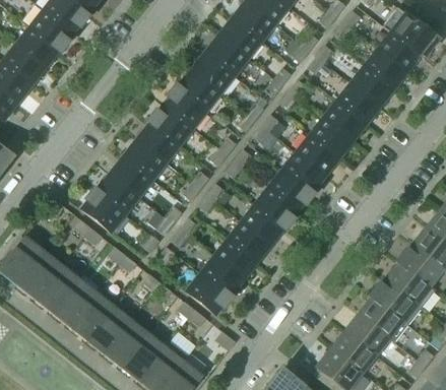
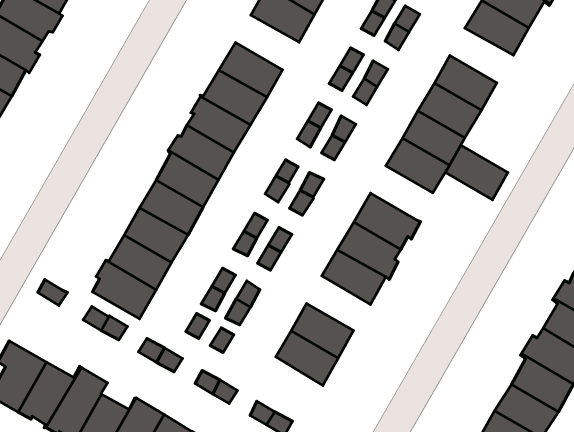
building: [204,37,248,77] -> none
building: [349,67,393,108] -> none
building: [281,153,324,194] -> [445,145,508,200]
building: [227,222,270,263] -> none
building: [185,273,232,316] -> none

